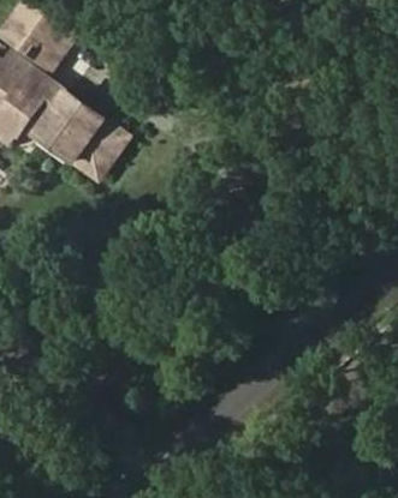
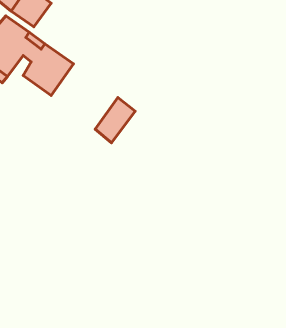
building: [76,119,129,179] -> [95,98,135,143]

